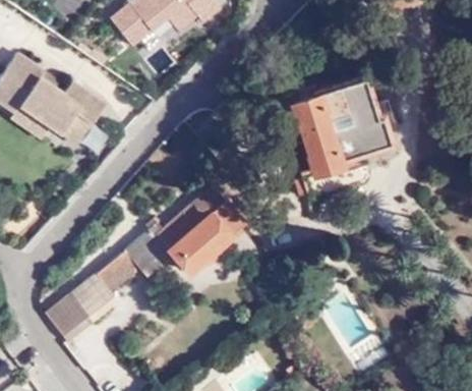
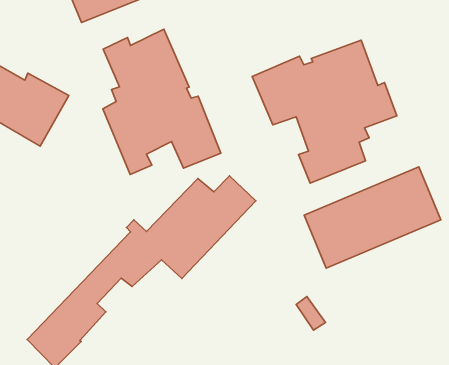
building: none -> [103,29,221,174]
building: none -> [304,167,441,268]

